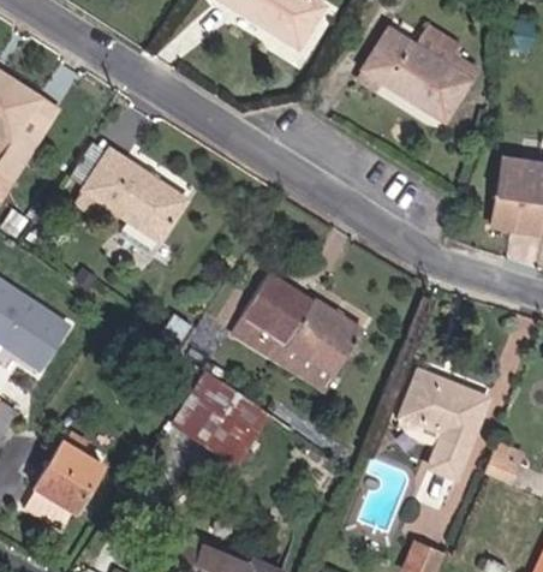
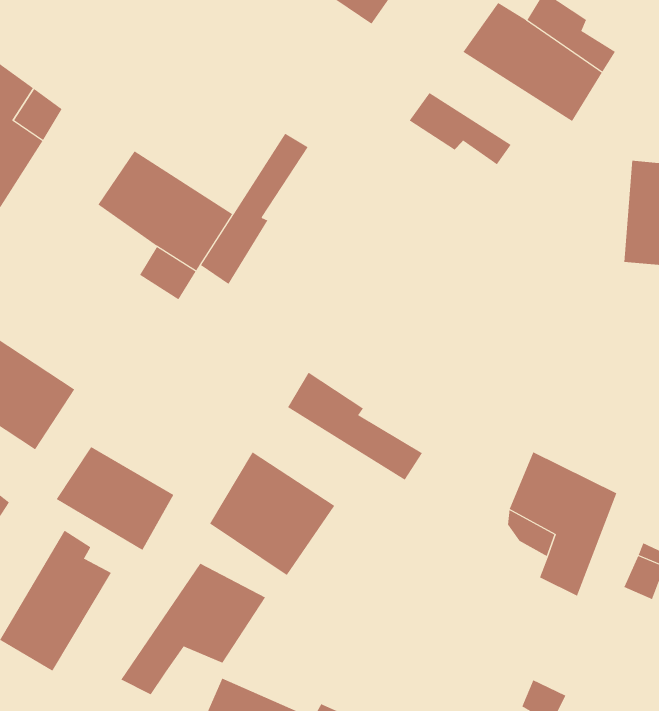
building: none -> [409,92,512,165]
building: none -> [200,133,309,285]
building: [246,274,360,371] -> none
building: none -> [56,446,174,551]
building: none -> [121,563,266,695]

